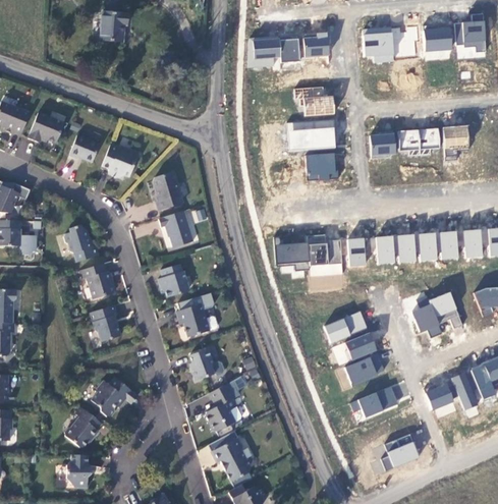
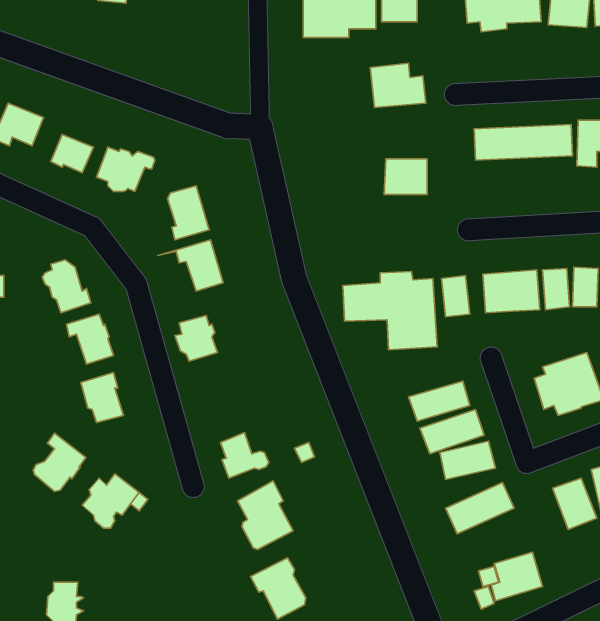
building: [287,118,337,151] -> none
building: [175,304,217,337] -> none
building: [64,406,102,448] -> [33,433,86,492]

